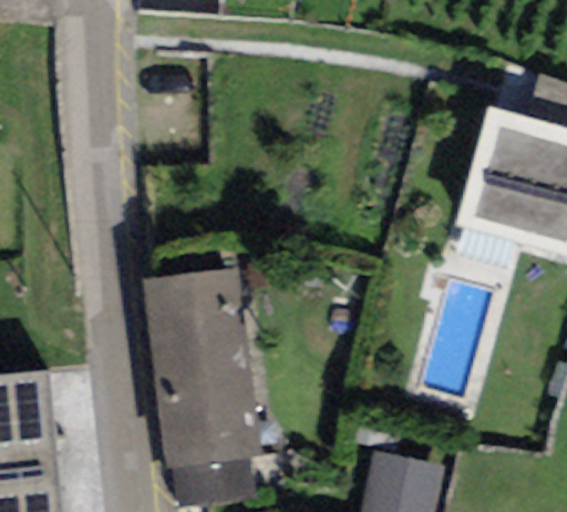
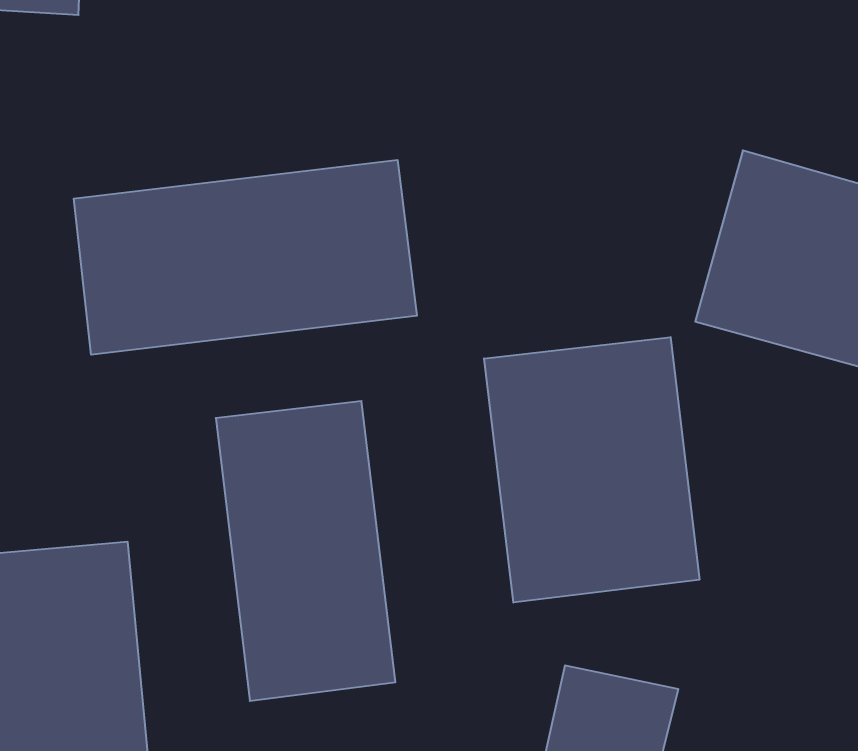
building: none -> [74,160,417,355]
building: none -> [484,337,699,603]

